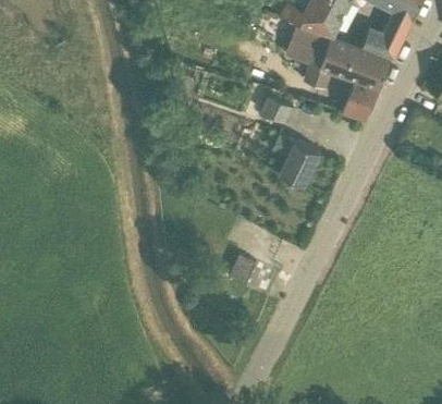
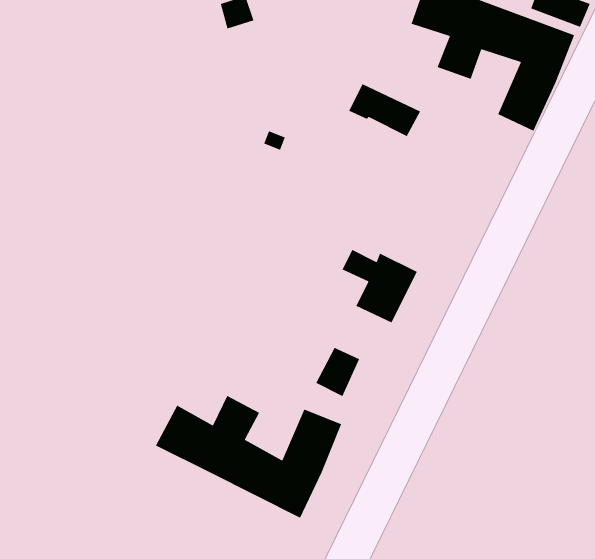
building: [272,137,320,184] -> [341,249,418,323]
building: none -> [155,395,342,519]

